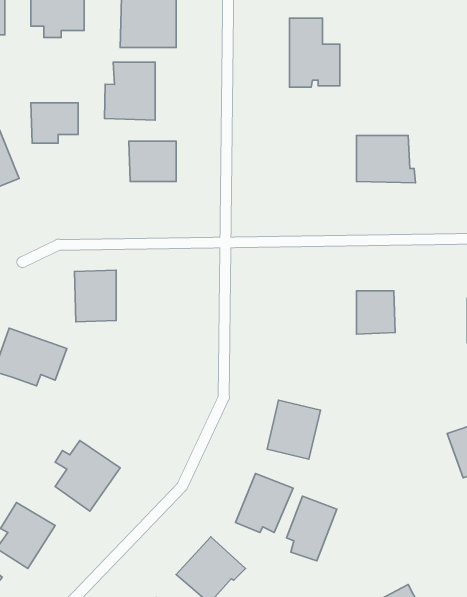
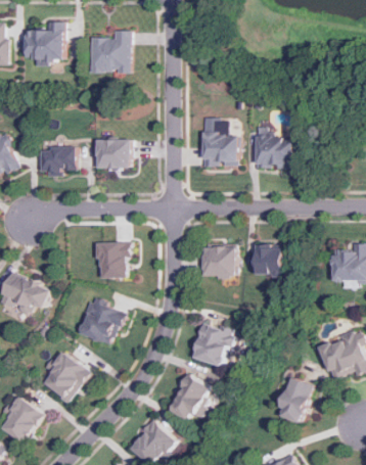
building: [289,18,340,87] -> [202,118,238,167]
building: [105,62,155,120] -> none
building: [31,103,78,143] -> [41,147,75,176]
building: [75,270,116,322] -> [98,241,128,278]
building: none -> [202,246,236,277]
building: none -> [78,299,124,344]
building: [287,496,337,561] -> [279,376,315,422]

